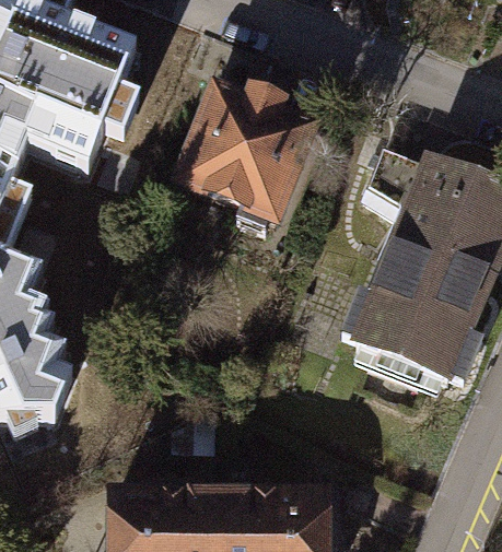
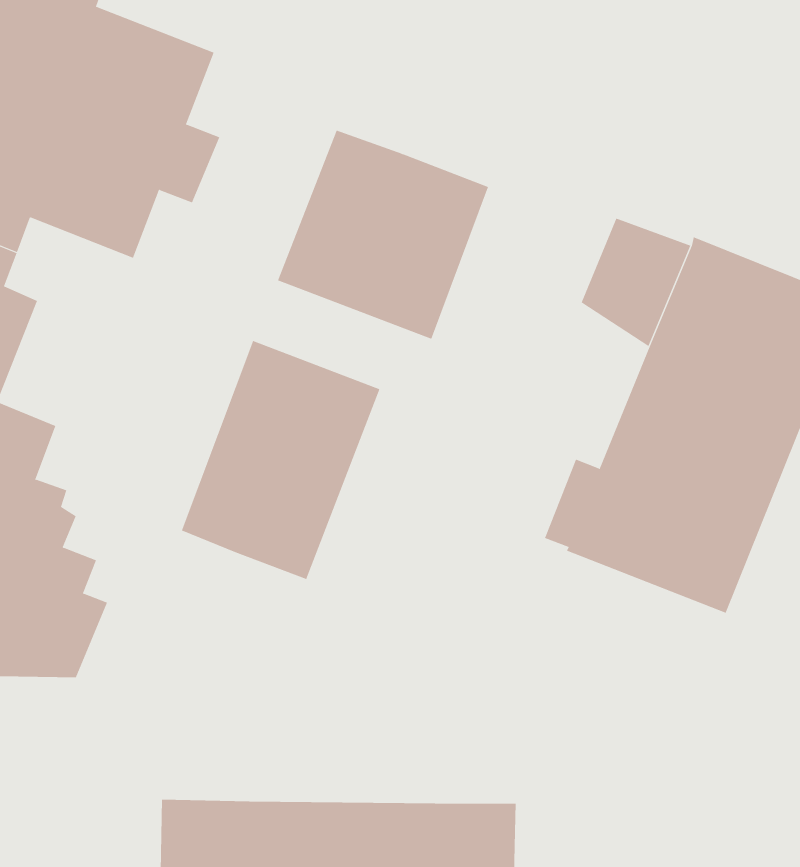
building: none -> [181,340,380,580]

